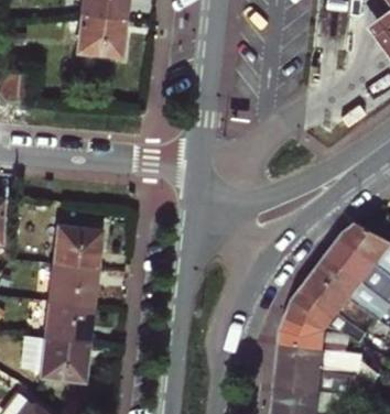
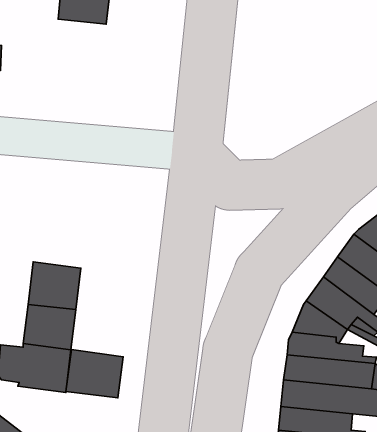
building: [55,224,101,266] -> none
building: none -> [66,350,123,398]

